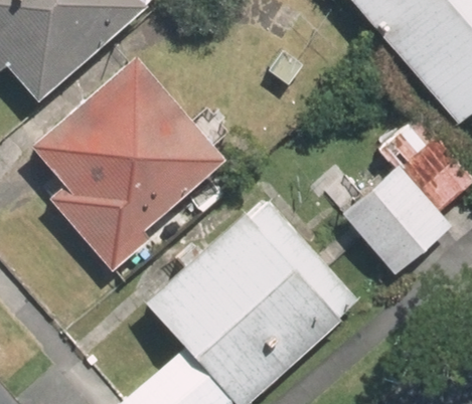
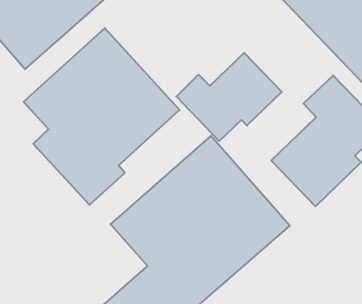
building: none -> [176,53,282,141]

